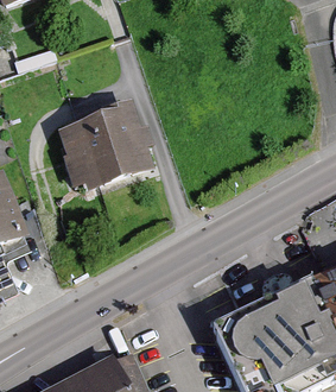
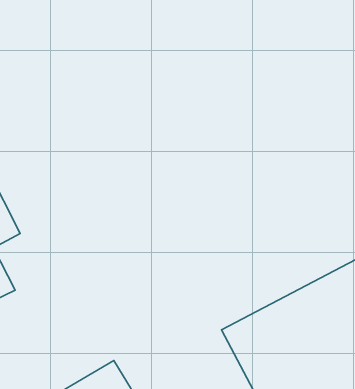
building: [62,106,156,190] -> none

